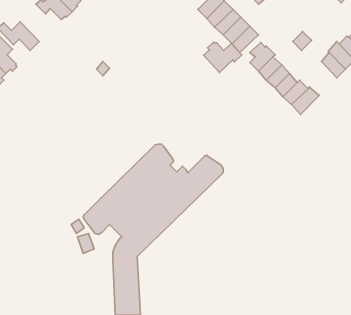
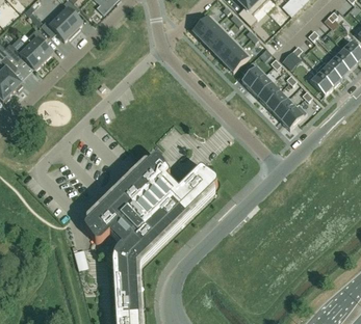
building: none -> [25,27,52,60]
building: [203,42,242,72] -> none

